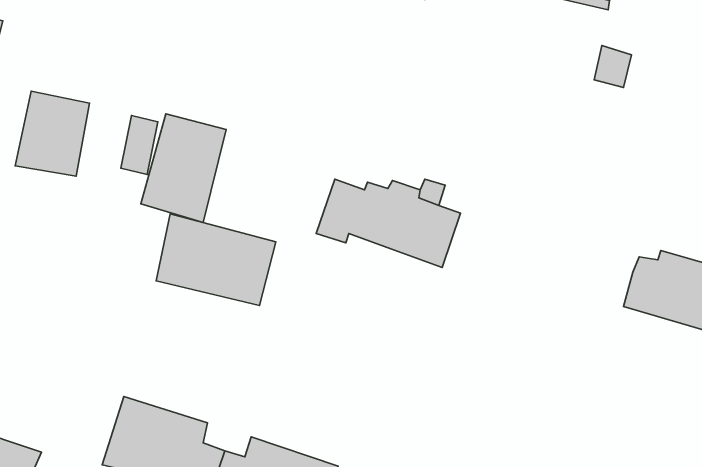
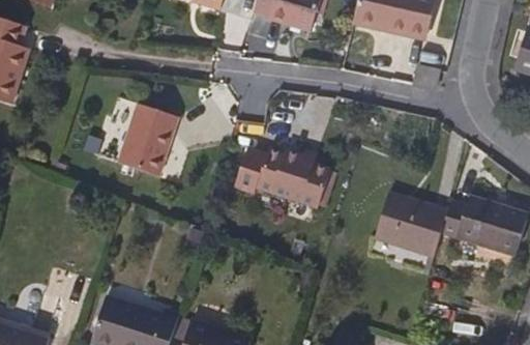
building: [15,91,90,176] -> none
building: [156,214,276,305] -> none
building: none -> [372,194,447,258]

